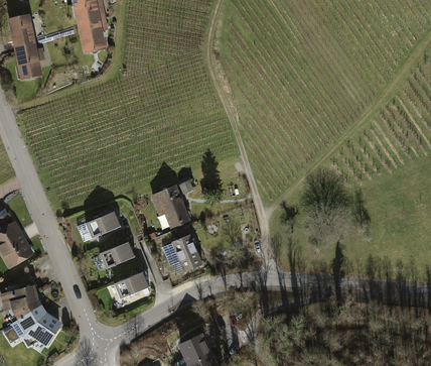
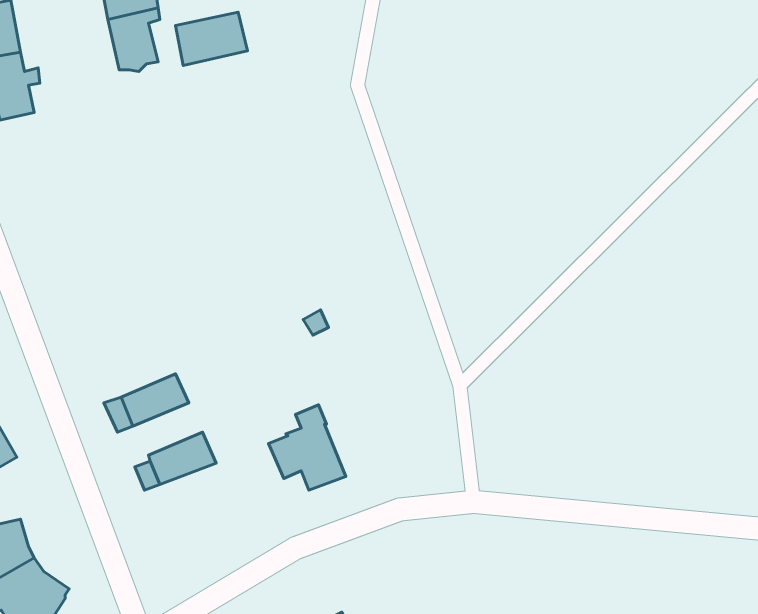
building: none -> [176,12,247,66]
building: [152,187,188,227] -> none
building: [114,272,149,299] -> none

